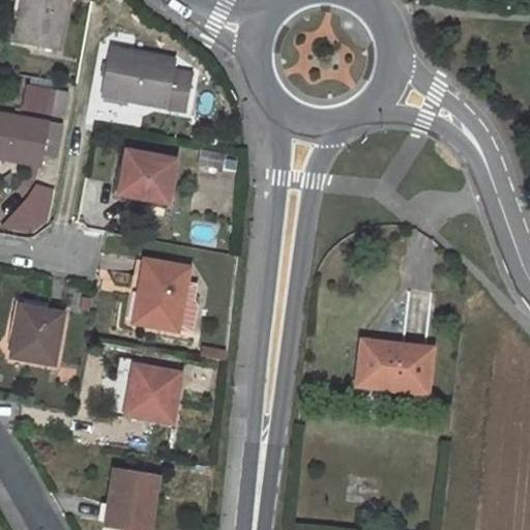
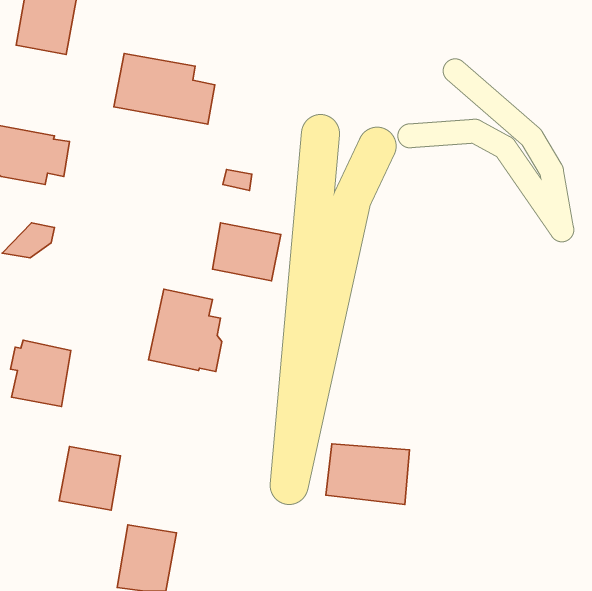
building: [23,82,67,112] -> none
building: [115,149,176,201] -> [212,223,281,281]
building: [357,340,432,393] -> [326,444,409,504]
building: [125,364,180,421] -> [59,446,121,510]

